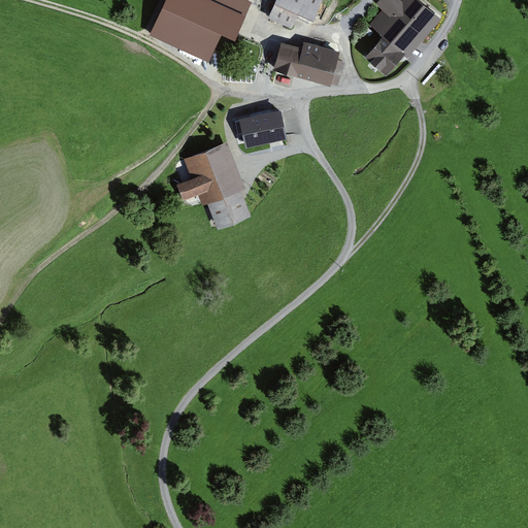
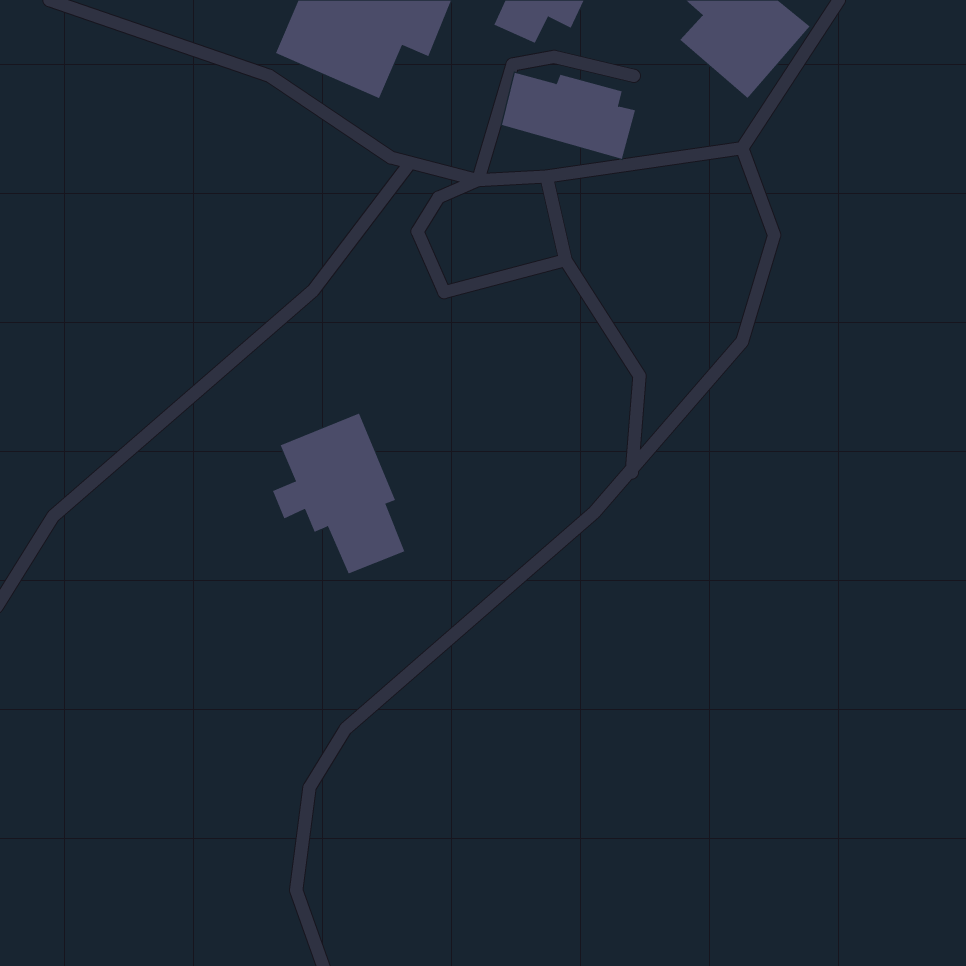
building: [363,35,402,74] -> none
building: [239,108,285,146] -> none
building: [178,139,251,227] -> [272,413,405,574]

